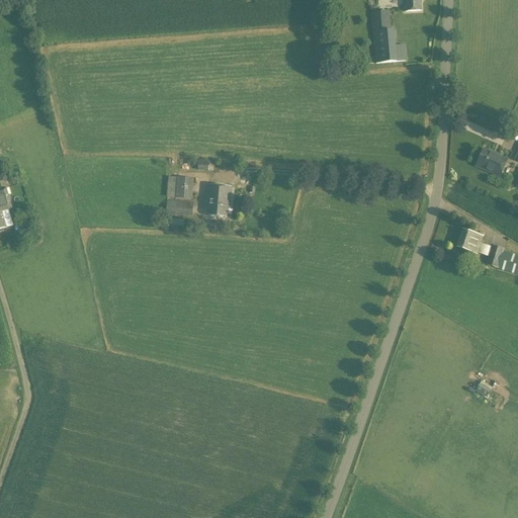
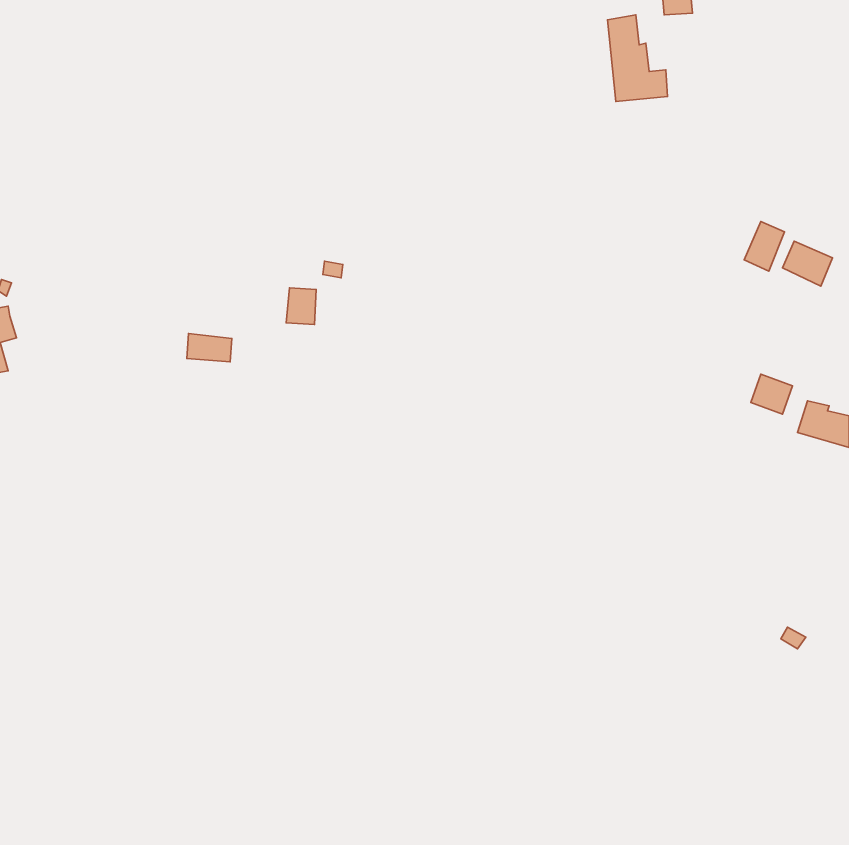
building: none -> [744,222,784,271]
building: [205,183,231,214] -> none
building: [165,197,192,214] -> [187,334,232,362]

